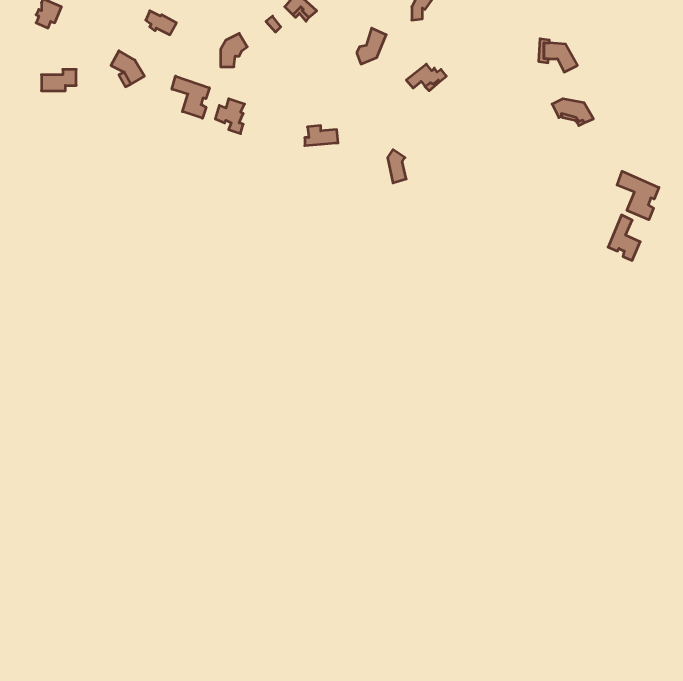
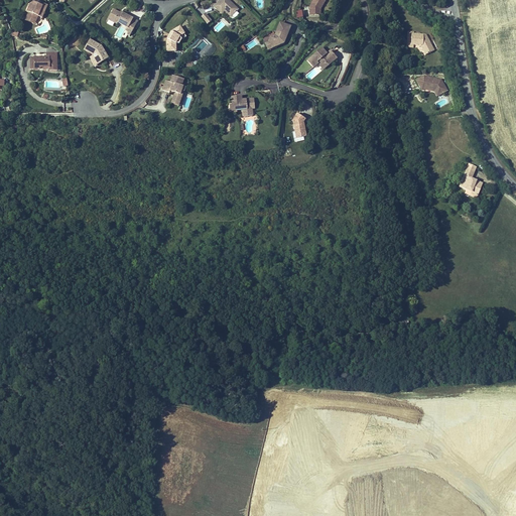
building: [172,76,209,118] -> none
building: [617,171,659,220] -> none

